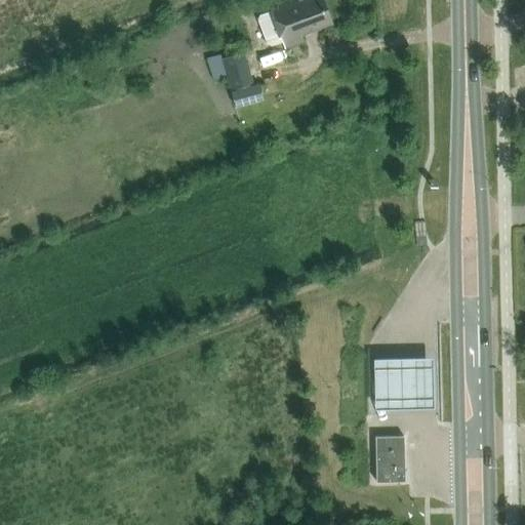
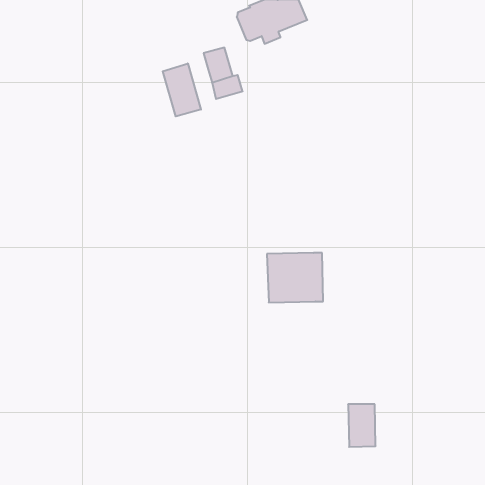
building: none -> [163,63,201,116]
building: [372,356,433,409] -> [267,253,323,302]

